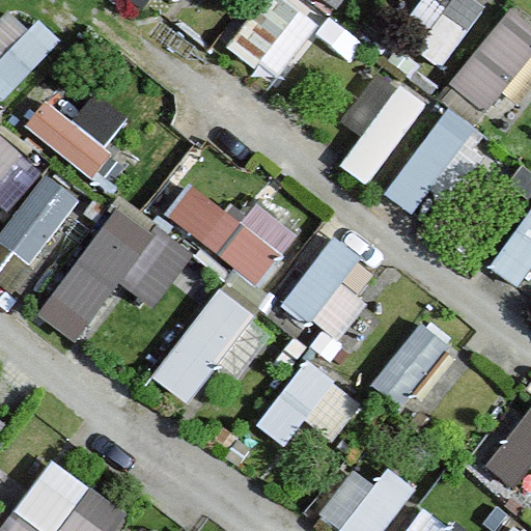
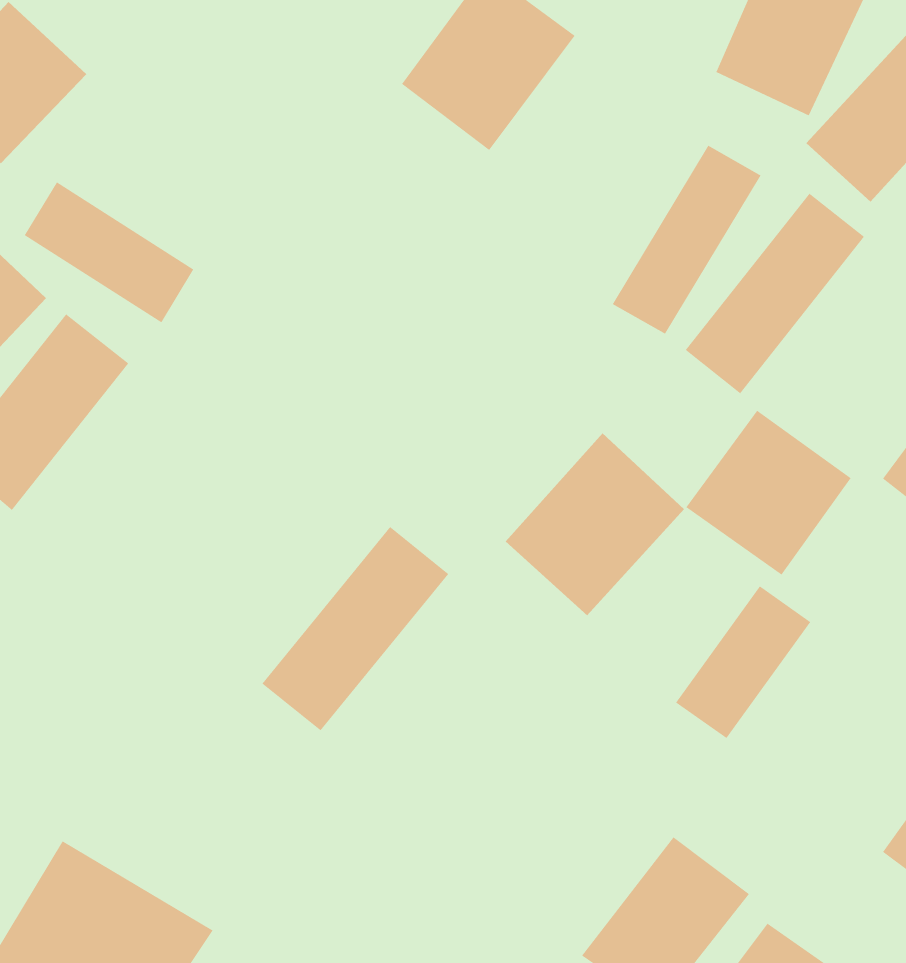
building: [163,185,302,288] -> none
building: [38,205,190,342] -> none
building: none -> [685,410,851,575]
building: [256,360,359,466] -> none

